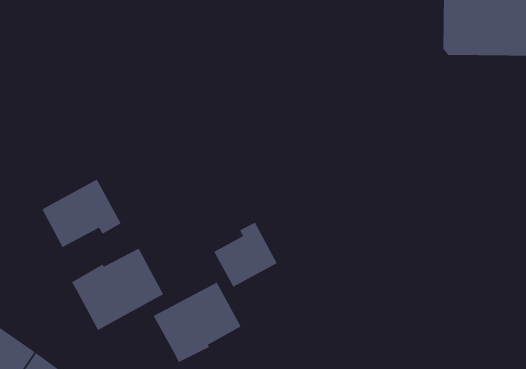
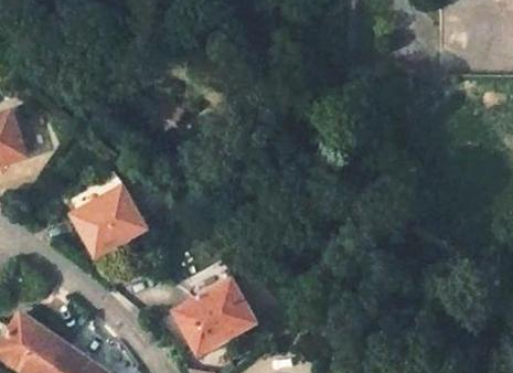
building: [214,222,278,287] -> none
building: [71,248,164,331] -> none

